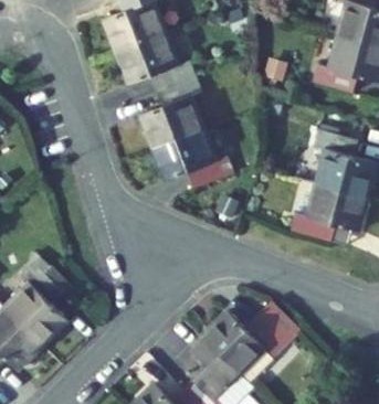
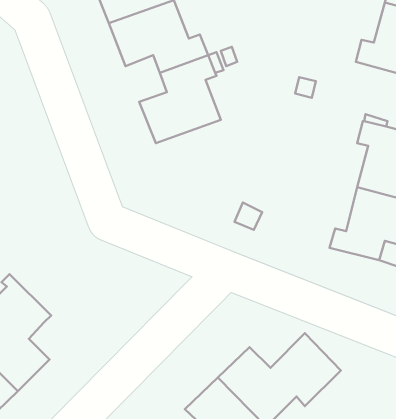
building: [152,128,233,188] -> none

